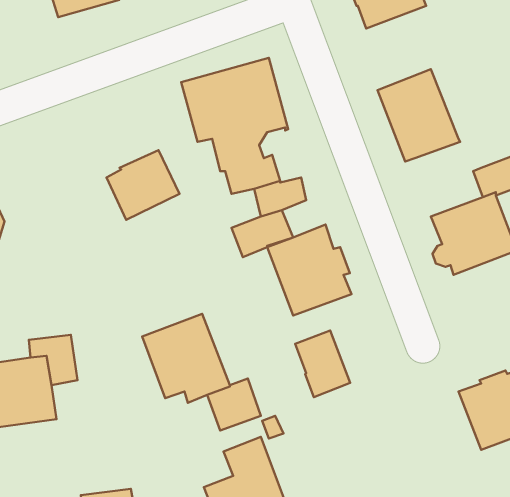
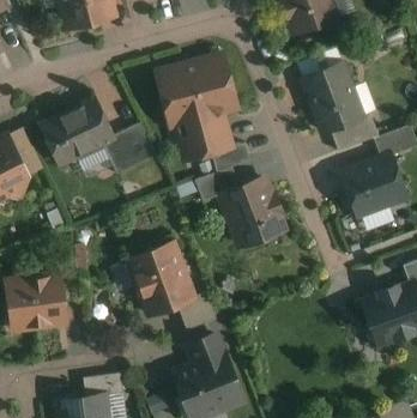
building: none -> [42,97,114,163]
building: none -> [331,111,380,151]
building: [295,331,350,397] -> none

